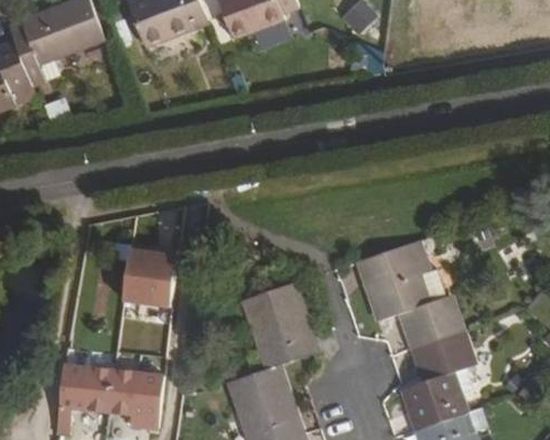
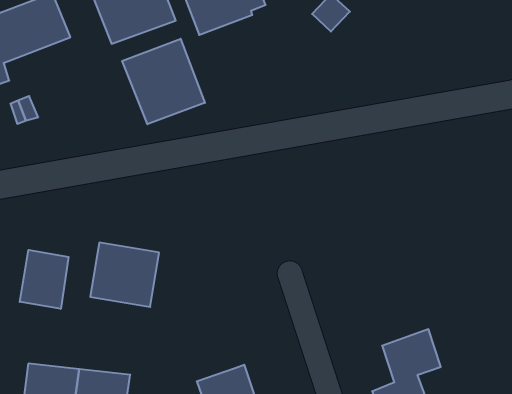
building: none -> [122,39,205,124]
building: [358,244,460,346] -> none
building: none -> [20,250,69,309]
building: [244,285,314,368] -> none

